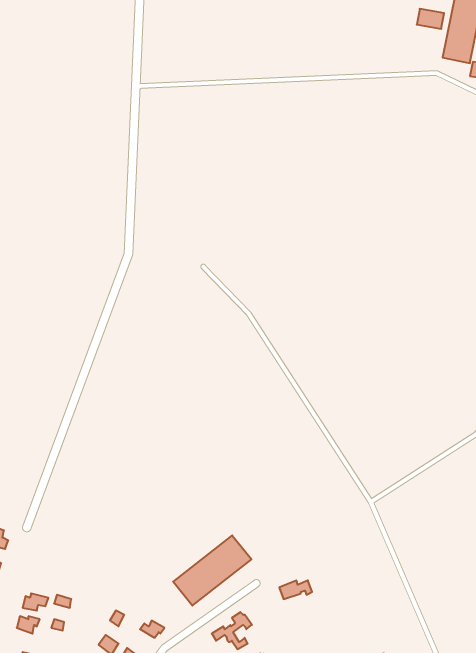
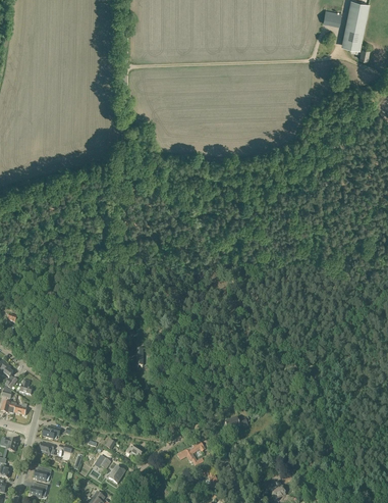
building: [173,535,251,606] -> none

